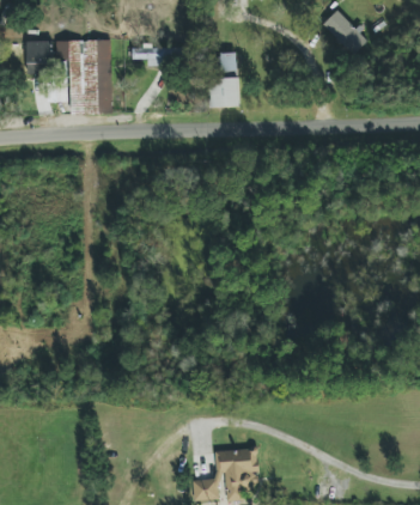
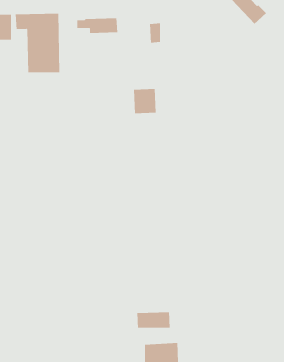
building: [209,77,238,108] -> [133,89,156,114]
building: none -> [137,311,170,329]

